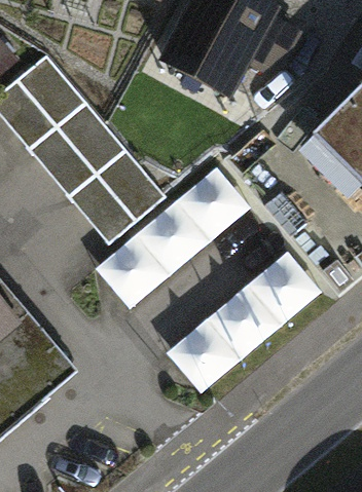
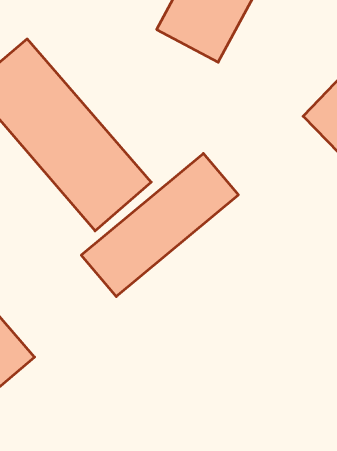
building: [171,252,322,391] -> none

